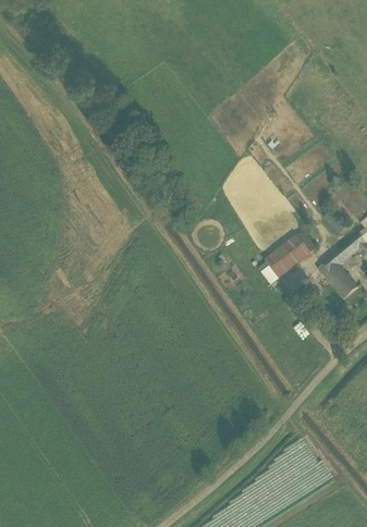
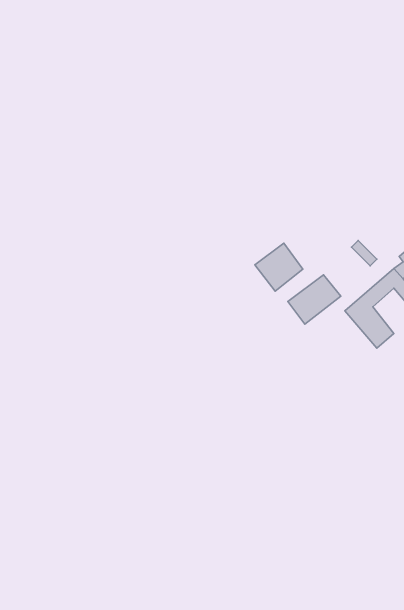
building: none -> [255,243,303,291]

